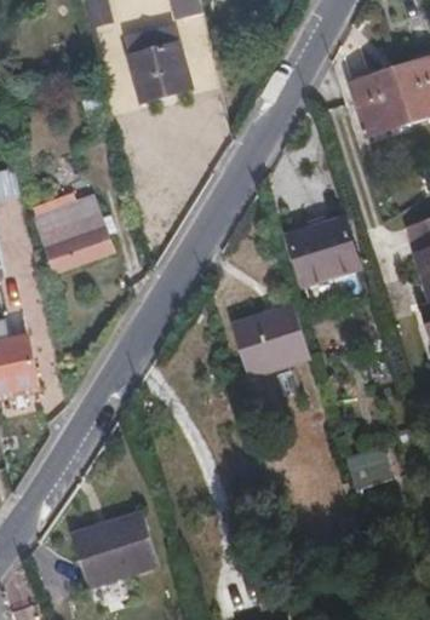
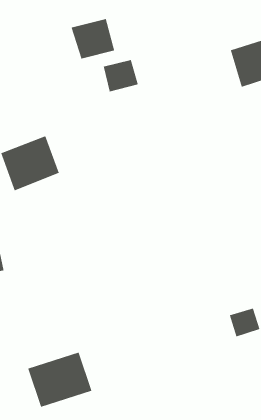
building: none -> [103,59,139,92]
building: [289,216,361,281] -> none
building: [234,302,310,373] -> none

